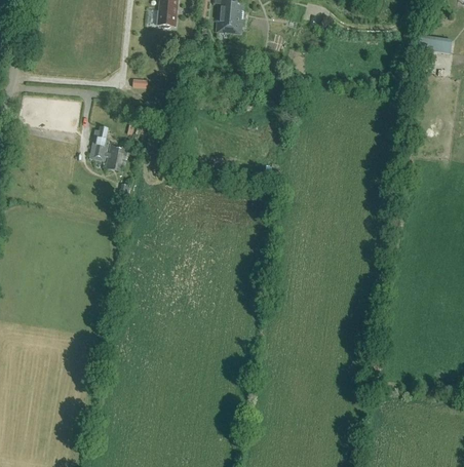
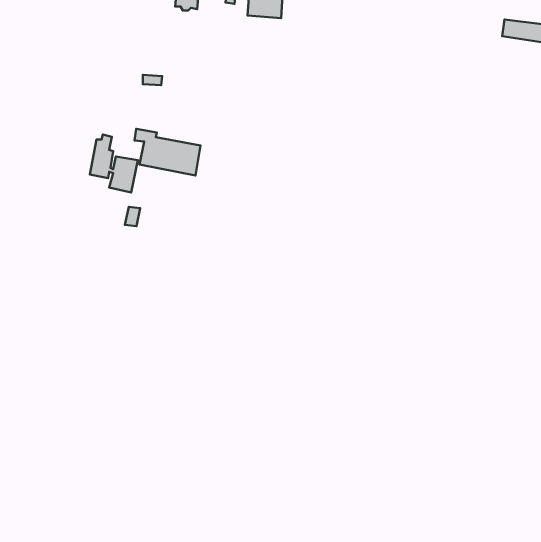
building: none -> [135,129,201,176]

